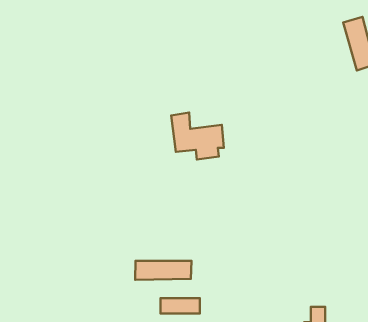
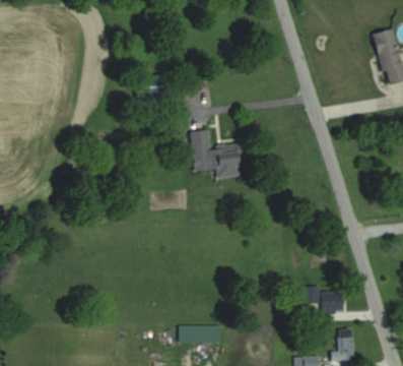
building: [135,261,192,280] -> none
building: none -> [304,287,341,313]

